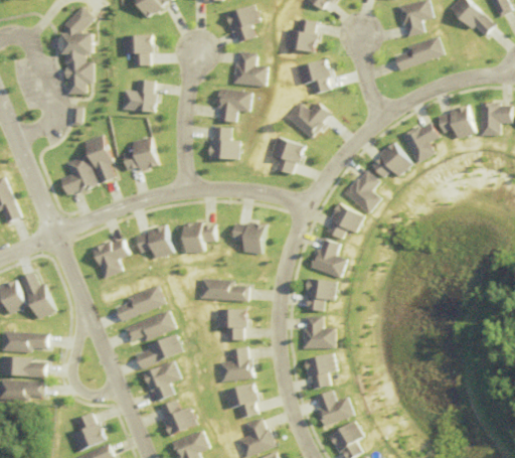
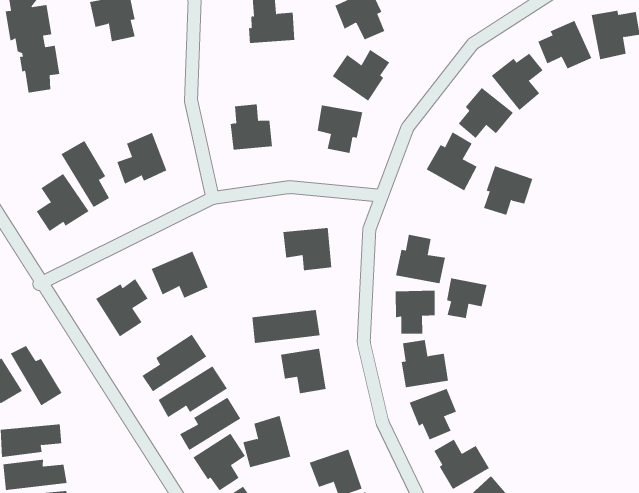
building: [120,80,155,113] -> none
building: [214,89,249,123] -> none
building: [324,202,363,240] -> [483,166,533,216]
building: [182,223,215,253] -> none
building: none -> [446,277,487,319]
building: [219,347,252,381] -> [242,415,291,468]

